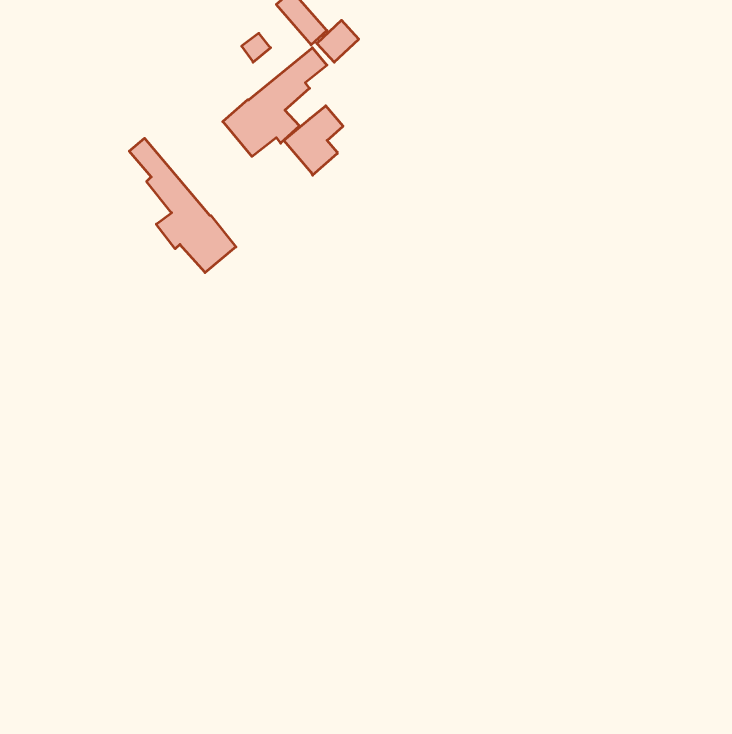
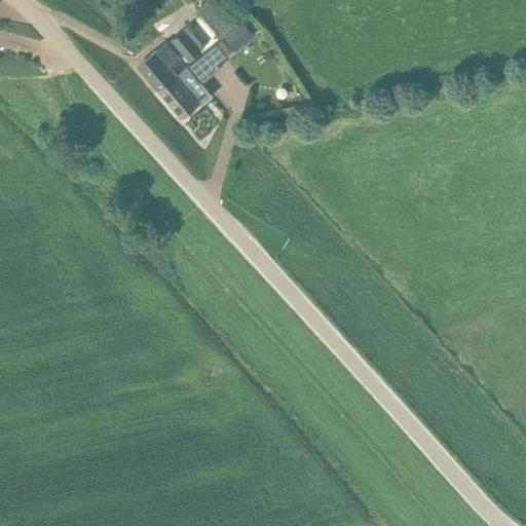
building: [284,106,343,175] -> [143,37,185,86]
building: [129,138,236,273] -> none

